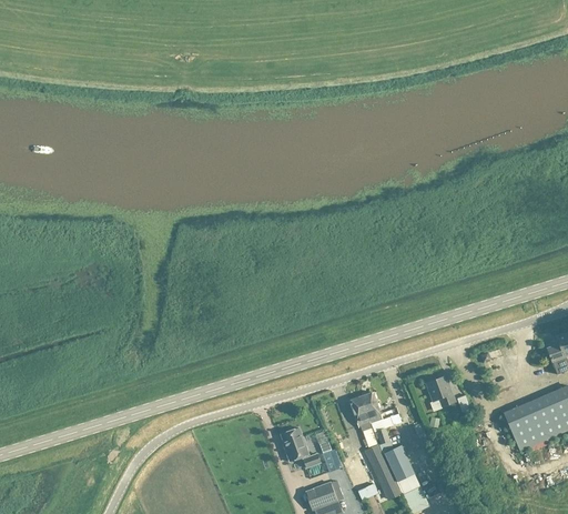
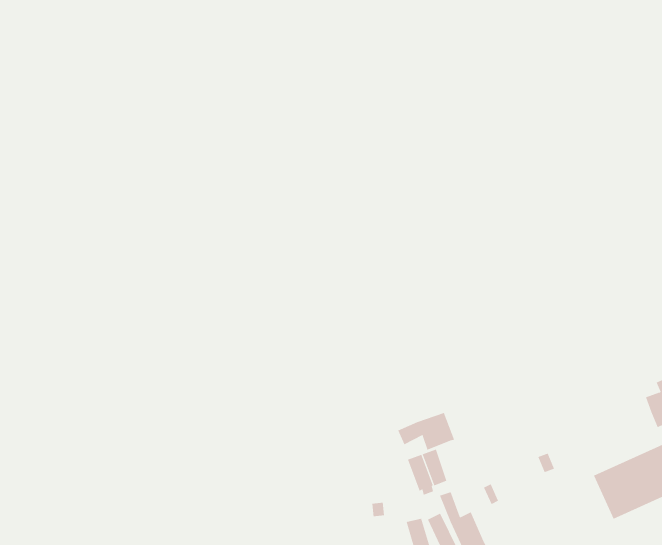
building: none -> [398,412,455,450]
building: [426,376,455,406] -> none
building: [281,427,321,467] -> none

